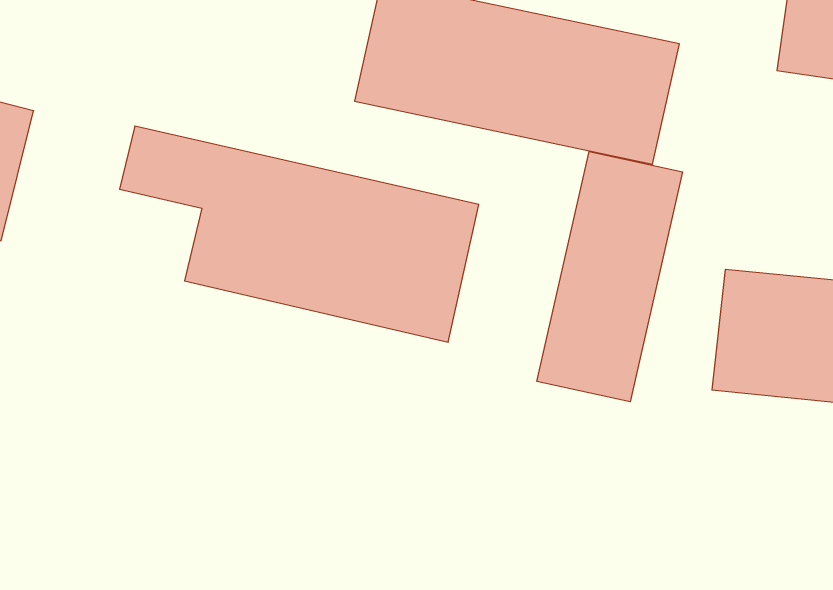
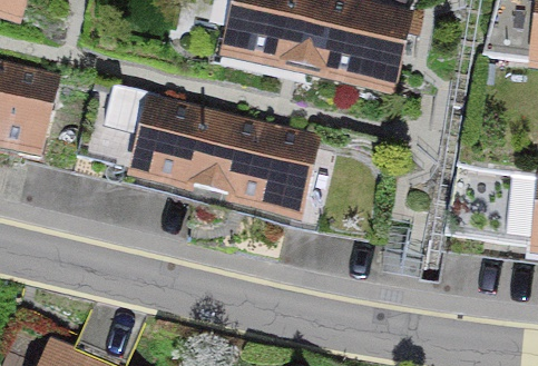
building: [537,152,683,402] -> none

